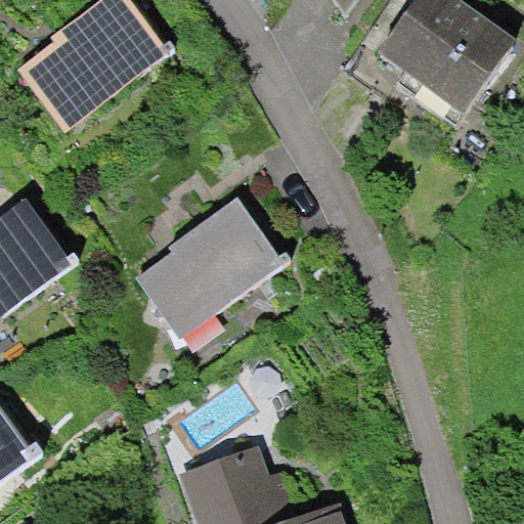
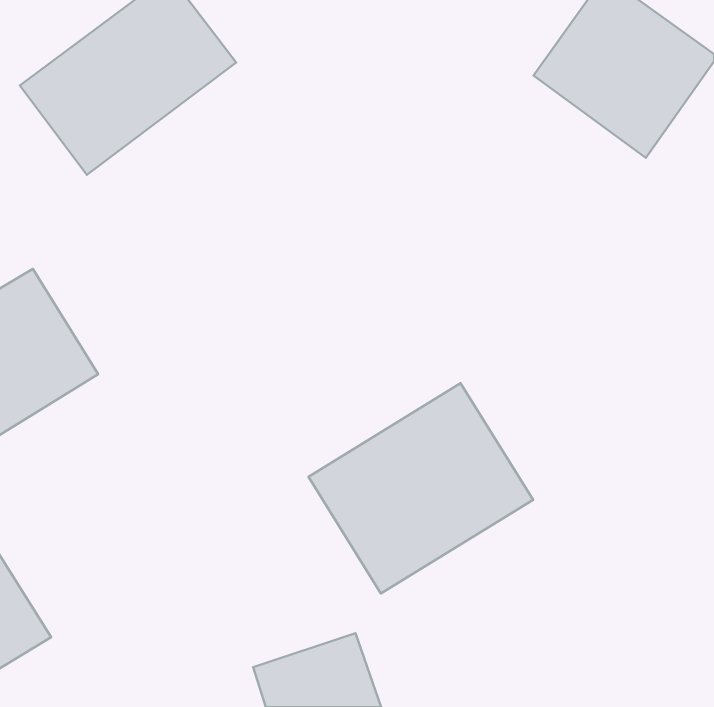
building: [133,204,295,355] -> [308,383,533,594]

